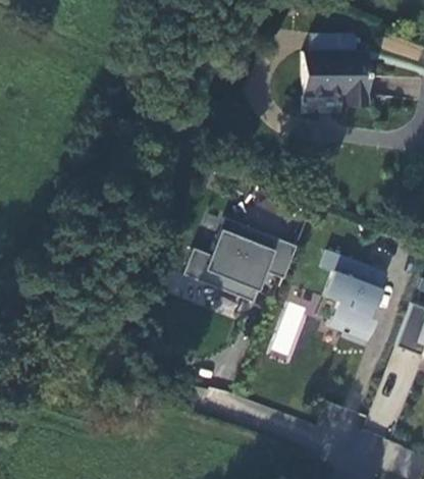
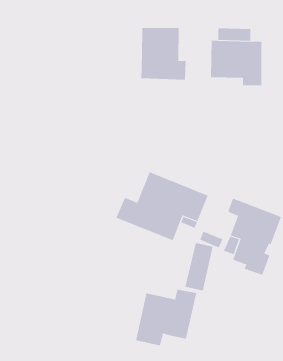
building: none -> [141,27,186,80]
building: none -> [135,289,197,346]

